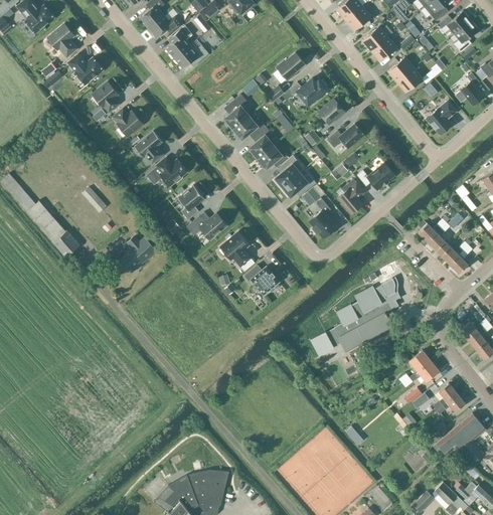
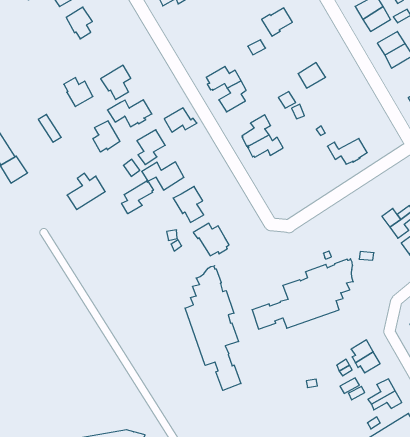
building: [288,74,329,105] -> none
building: [222,94,251,129] -> none
building: [113,109,142,136] -> [64,78,93,107]
building: [326,124,363,148] -> none
building: [257,145,288,169] -> [164,108,197,132]
building: [338,179,362,213] -> none
building: none -> [93,121,120,152]
building: [309,198,336,237] -> none
building: none -> [122,181,153,214]
building: none -> [185,266,241,390]

